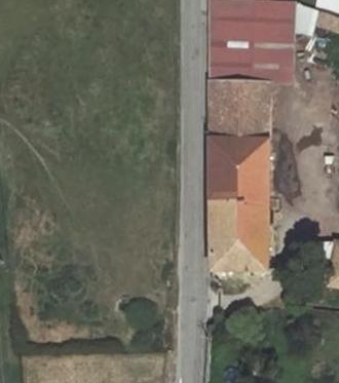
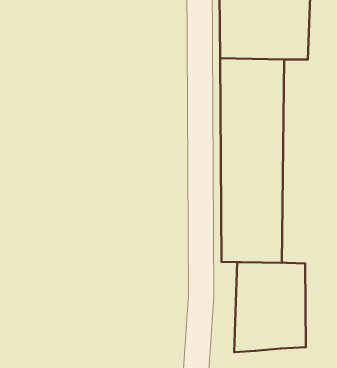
building: none -> [234,262,306,352]

